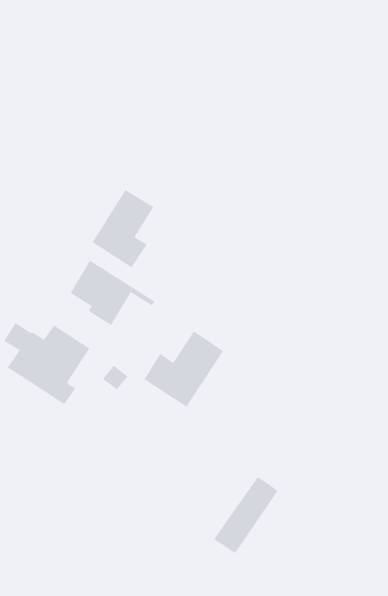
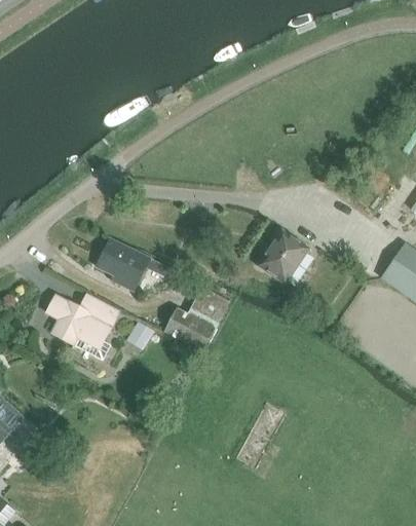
building: [92,189,154,268] -> none
building: none -> [261,229,318,284]

